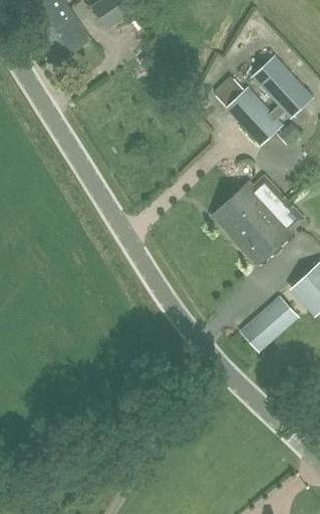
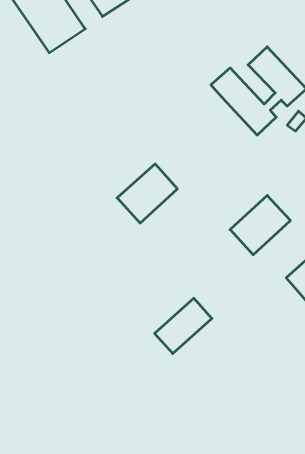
building: [212,180,272,239] -> [117,164,177,223]
building: [242,295,299,350] -> [155,298,212,354]

